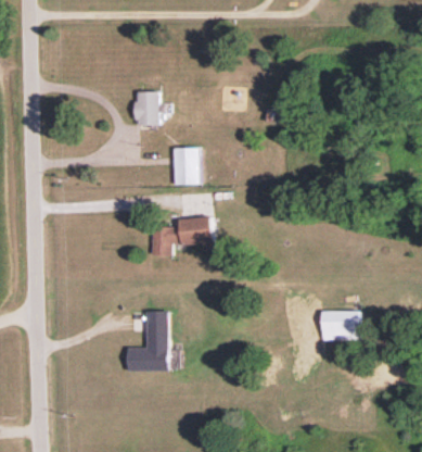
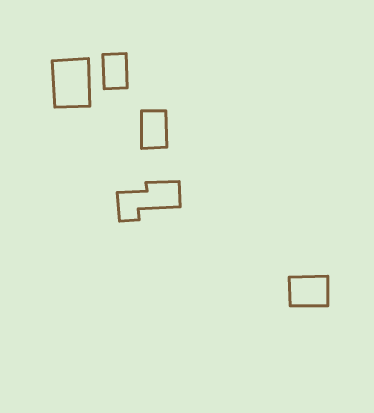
building: none -> [52,58,90,107]
building: [127,311,168,369] -> none

